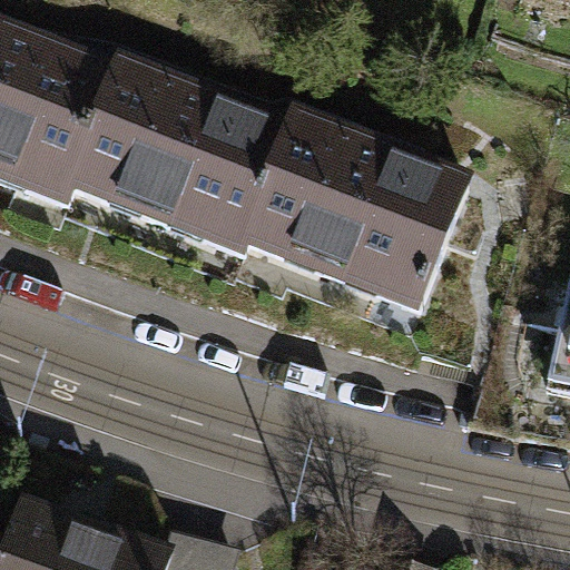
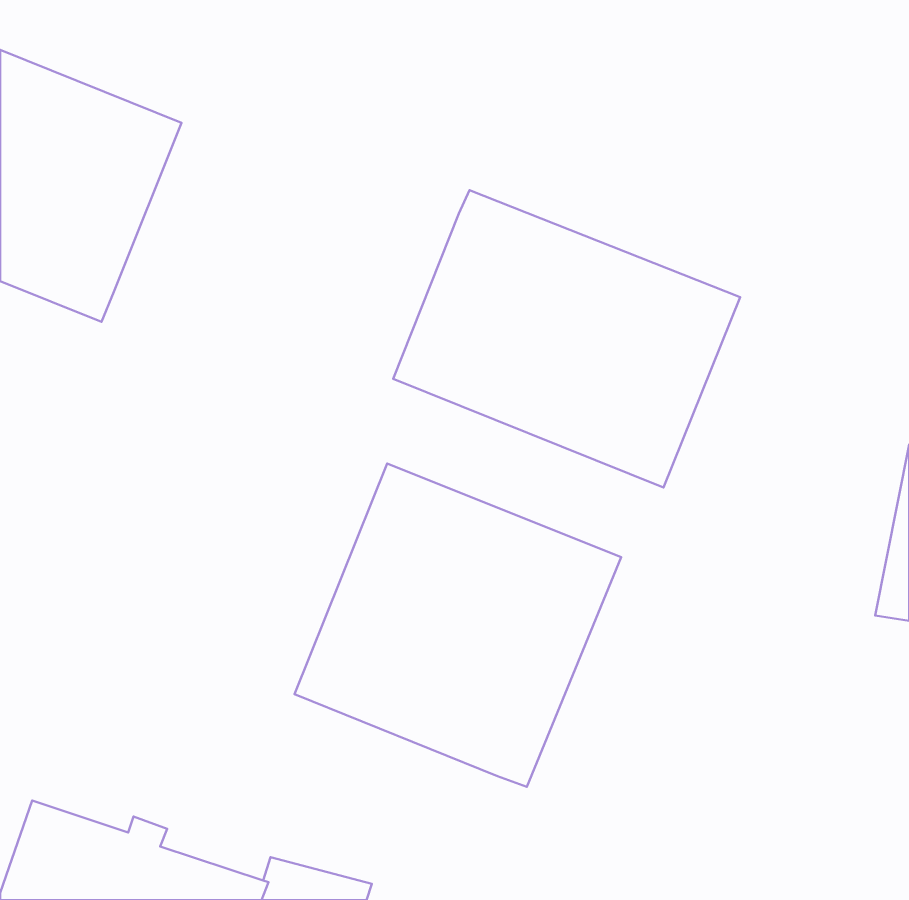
building: [71,67,287,250] -> none
building: none -> [295,463,621,787]

